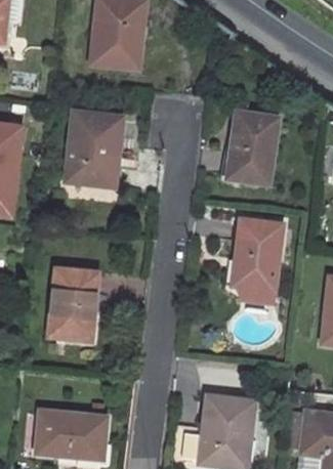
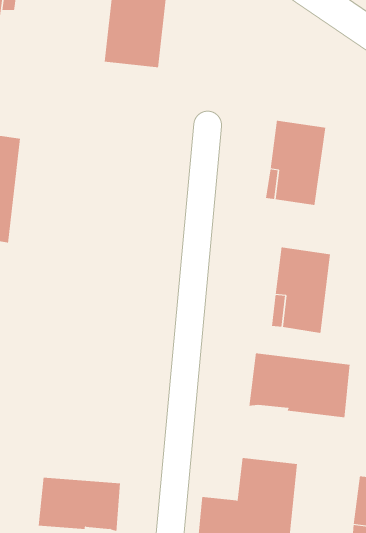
building: [59,112,122,184] -> none
building: [49,269,97,339] -> none
building: none -> [249,353,350,418]

